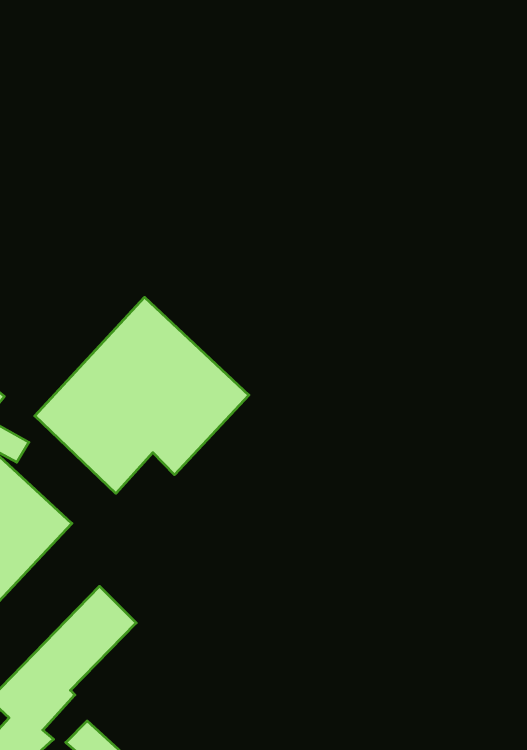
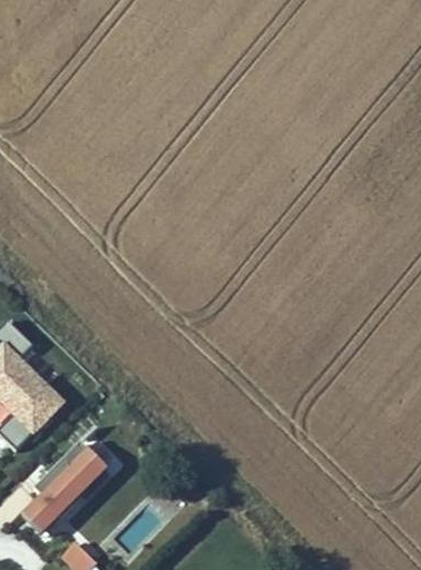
building: [35,297,249,493] -> none

